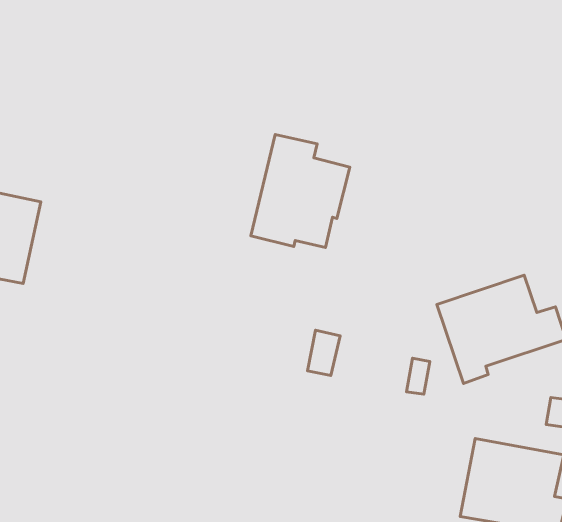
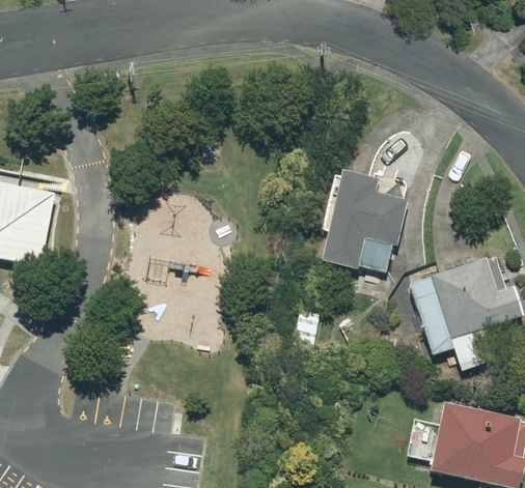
building: [251,135,350,248] -> [320,170,408,270]

